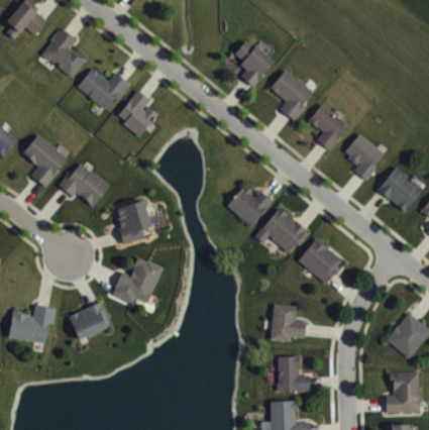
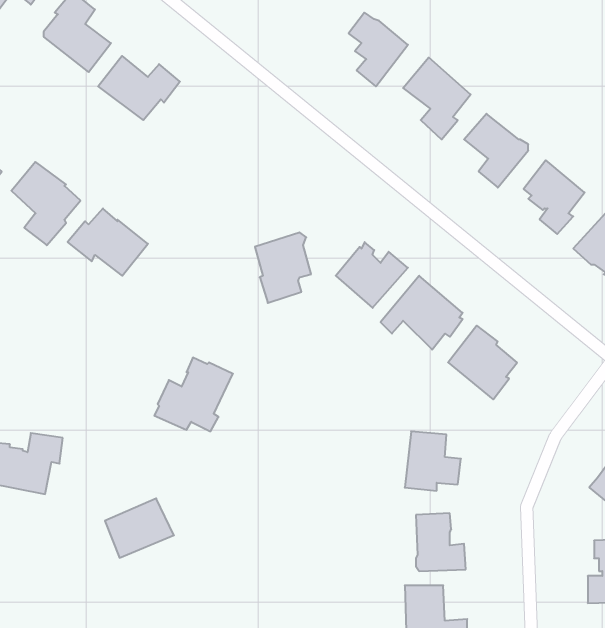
building: [118,90,157,136] -> none
building: [114,200,149,244] -> [255,232,311,303]
building: [68,302,111,339] -> [105,498,174,558]

